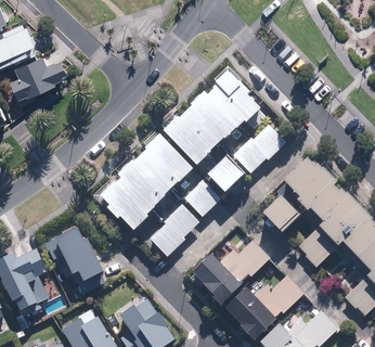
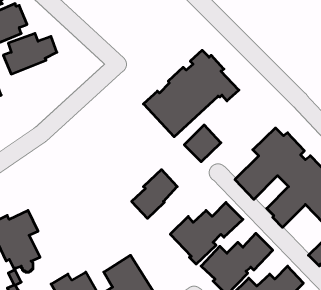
building: [233,125,286,175] -> none
building: [99,134,195,232] -> none
building: [183,180,221,218] -> none
building: [47,230,103,281] -> none

